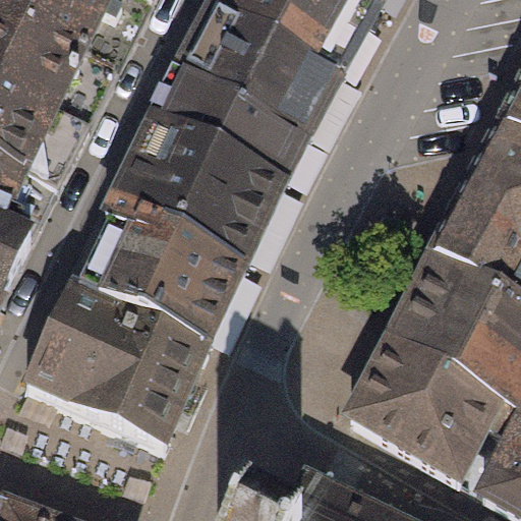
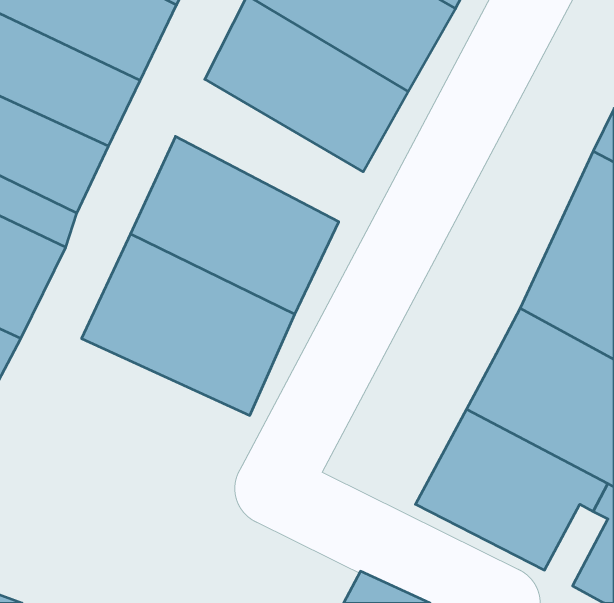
building: [147,66,303,185] -> none
building: [20,283,209,448] -> none

